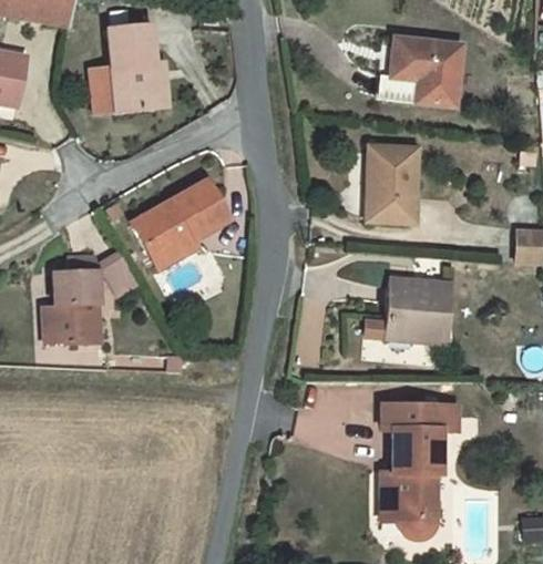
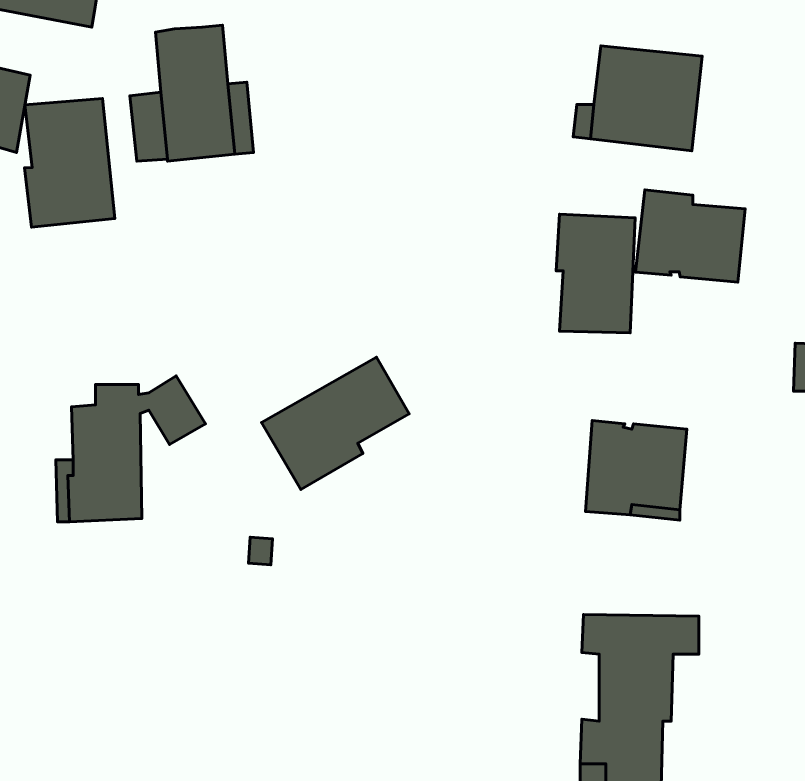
building: none -> [25,98,115,227]
building: none -> [636,190,745,282]
building: [132,182,227,267] -> [261,357,409,489]

